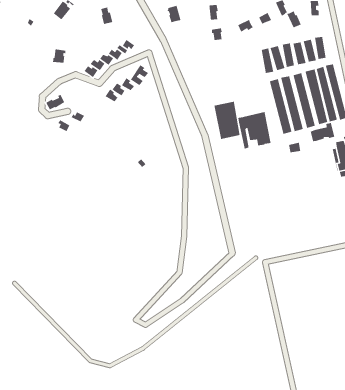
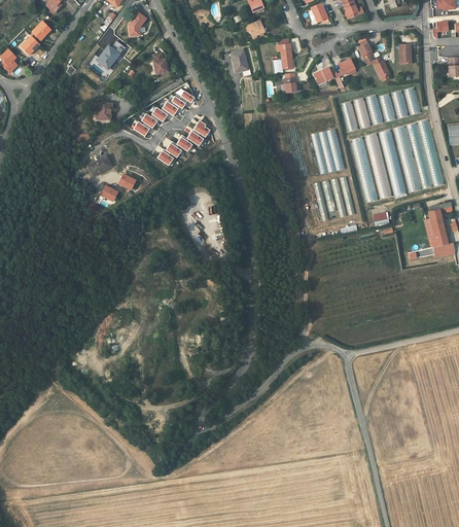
building: [213,101,241,140] -> [311,129,343,175]
building: [310,122,335,142] -> none

